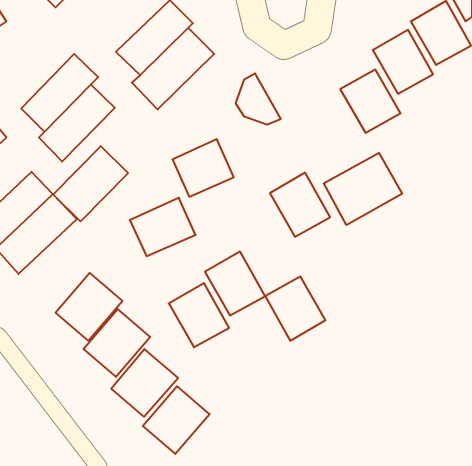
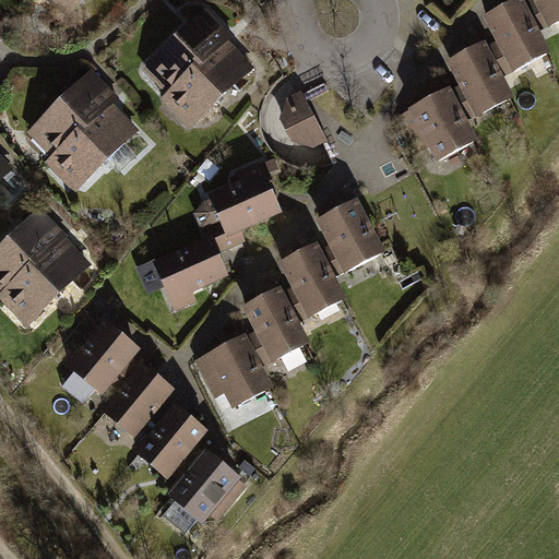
building: [53,146,128,221] -> none
building: [324,153,402,225] -> none
building: [265,277,325,341] -> [277,246,348,321]

